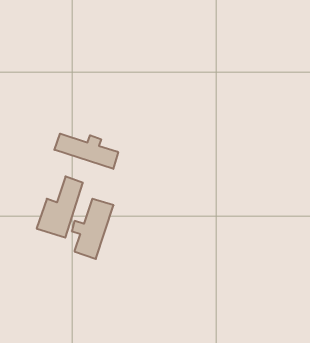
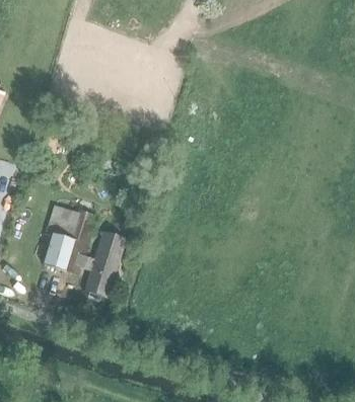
building: [54,134,118,169] -> none

